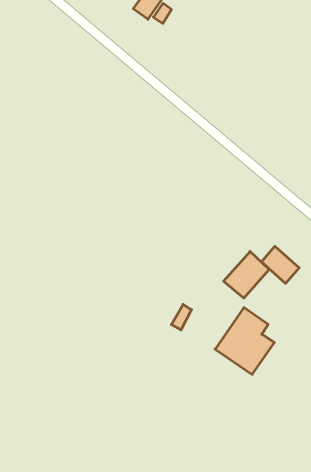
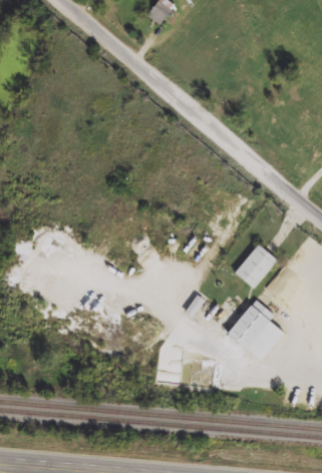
building: [261,246,299,283] -> none

